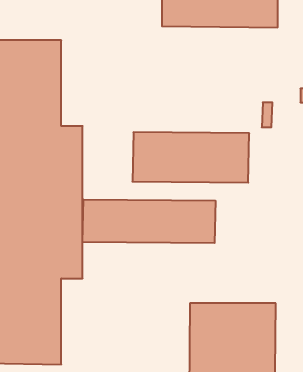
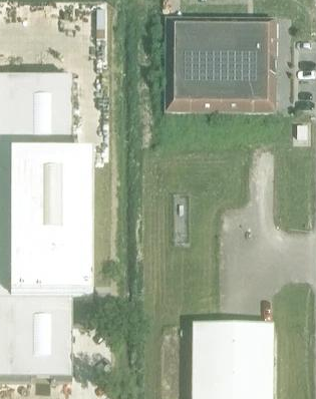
building: [132,132,249,183] -> [165,63,274,110]
building: [83,199,215,243] -> none

